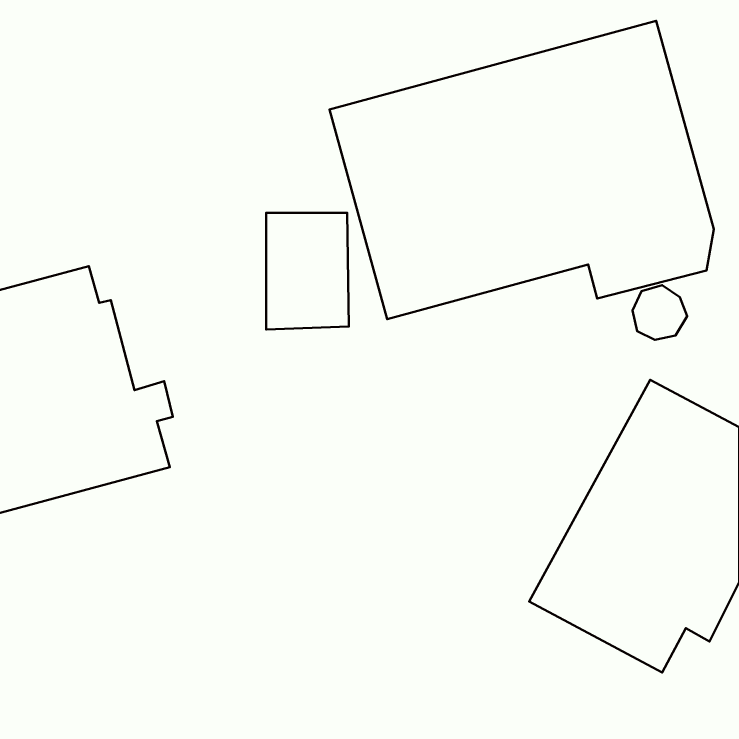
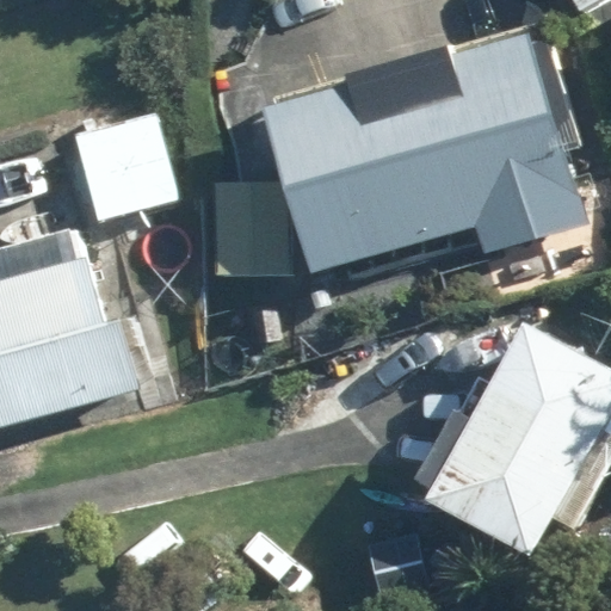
building: none -> [72,118,175,252]

